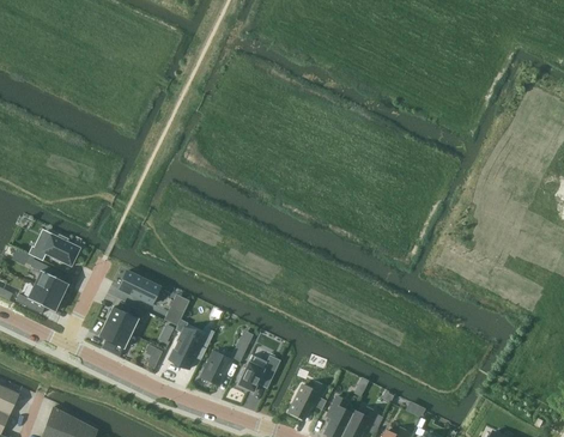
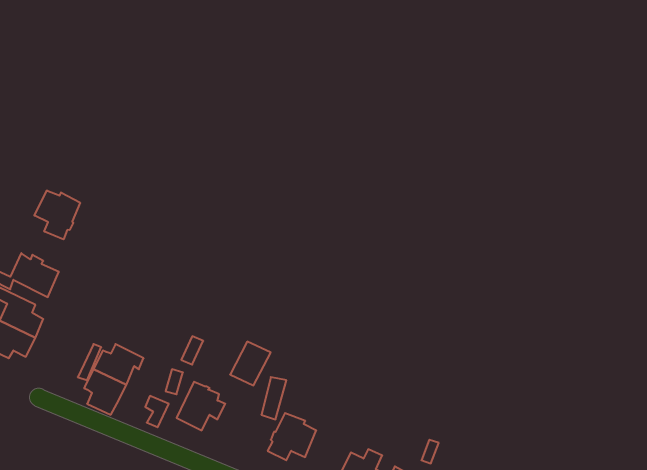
building: none -> [34,190,80,239]
building: [117,272,160,304] -> none
building: [200,352,231,386] -> [230,342,271,385]

